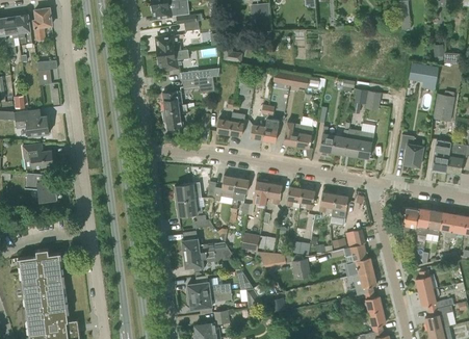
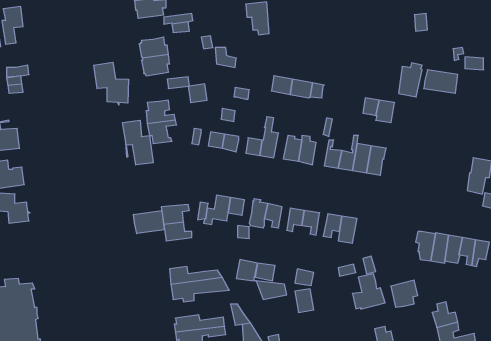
building: none -> [94,62,128,105]
building: [434,90,454,121] -> [399,63,422,97]
building: none -> [123,120,153,165]
building: [399,134,423,167] -> none
building: [432,139,451,173] -> none
building: none -> [133,210,164,234]
building: [353,270,376,294] -> [391,280,418,307]

